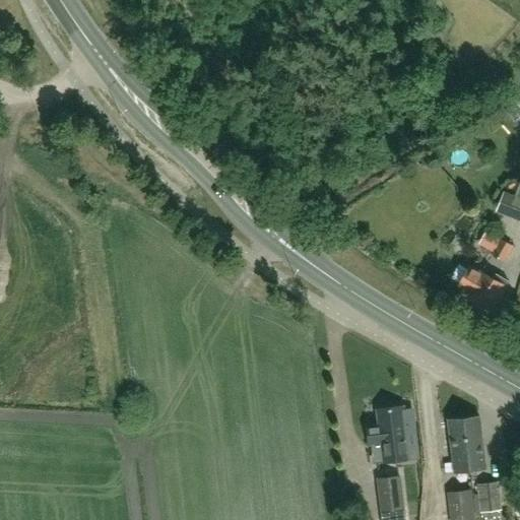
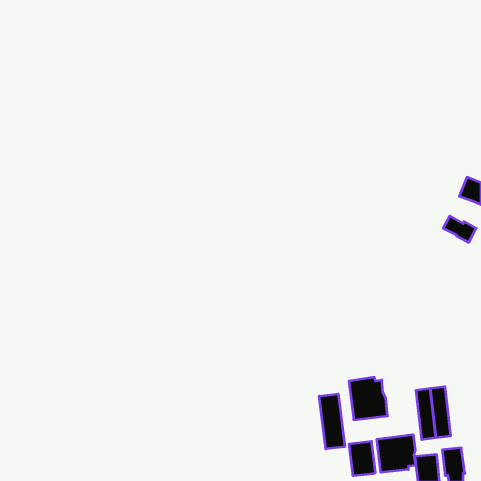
building: [458,268,508,314] -> none
building: none -> [319,394,345,449]
building: none -> [377,435,416,472]

